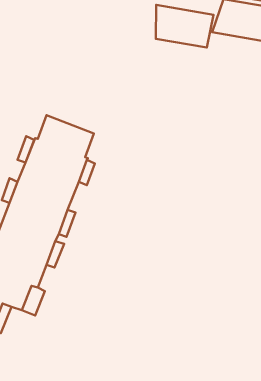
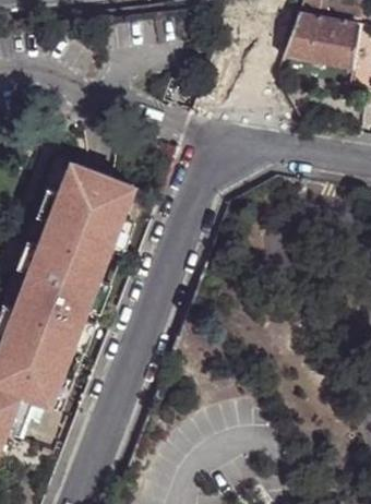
building: [156,5,213,48] -> none

